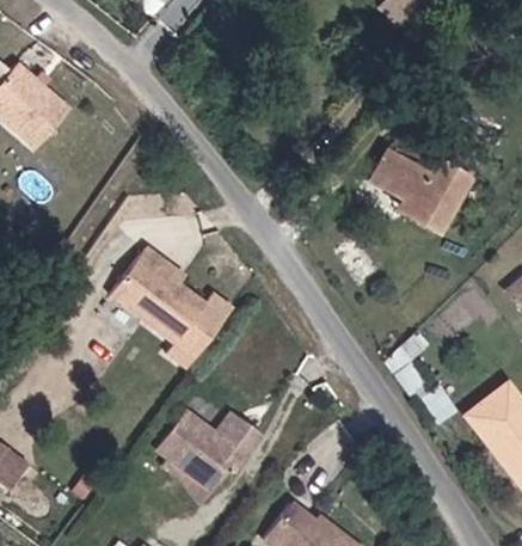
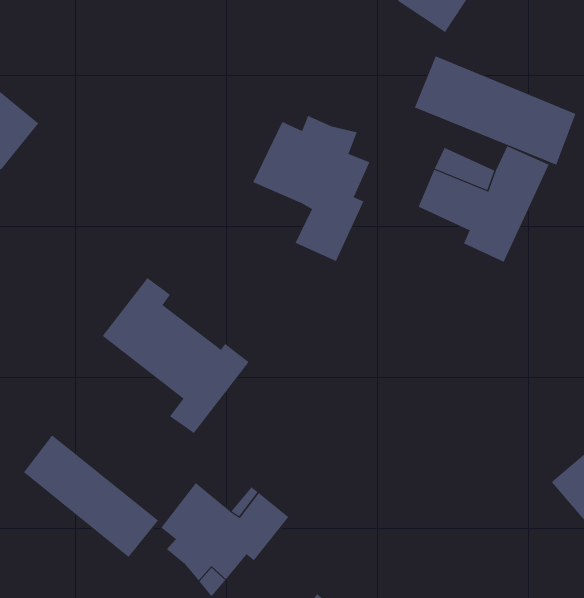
building: none -> [414,56,576,166]
building: none -> [253,115,370,262]
building: none -> [23,435,159,558]

